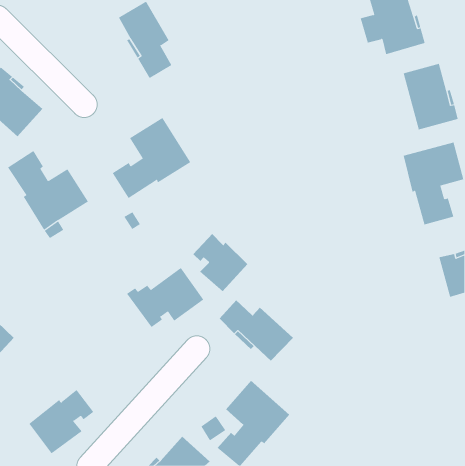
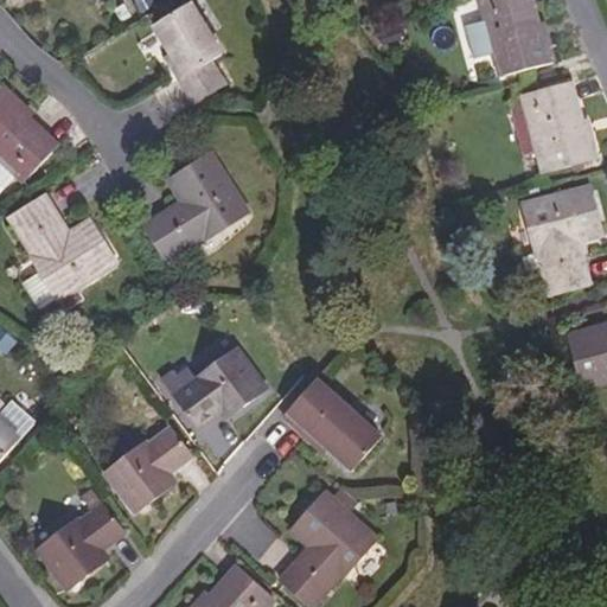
building: [192,233,248,292] -> none
building: none -> [103,427,190,512]

